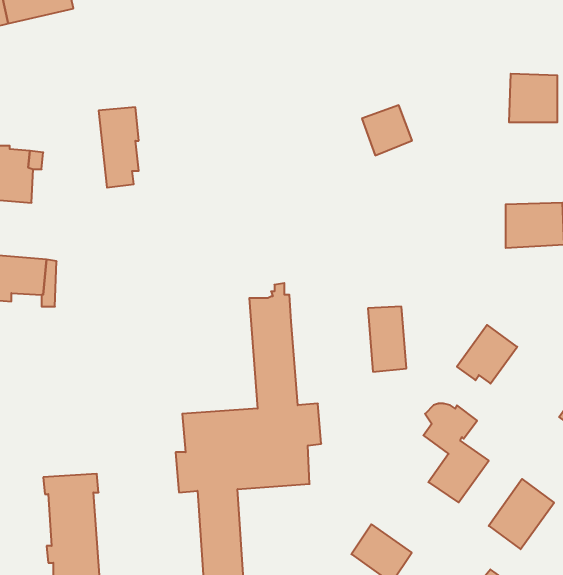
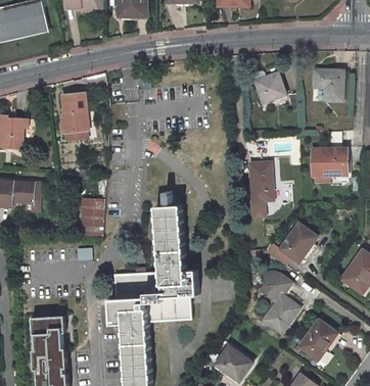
building: [362,105,412,155] -> [253,74,284,104]
building: none -> [80,198,103,238]
building: [368,307,406,372] -> [249,163,273,203]

